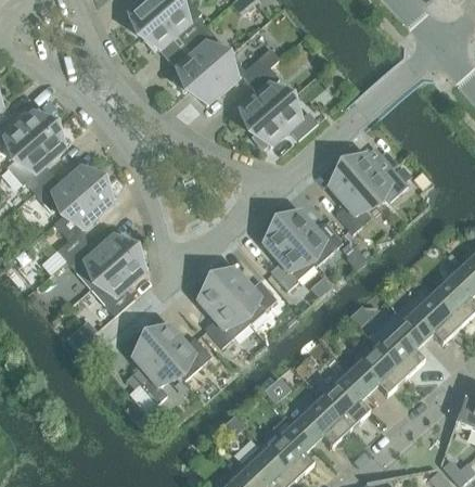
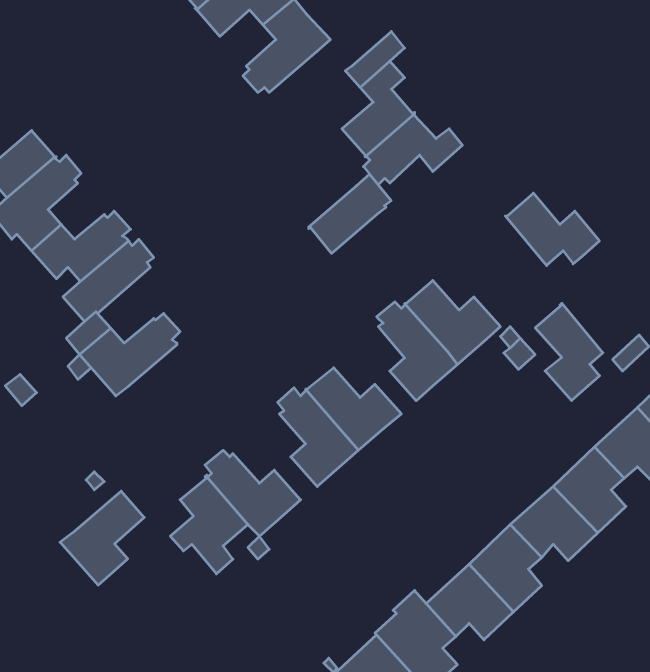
building: [191,51,245,103] -> [309,174,391,253]
building: [329,167,373,231] -> [535,303,603,401]
building: [90,252,145,313] -> [60,491,144,585]

